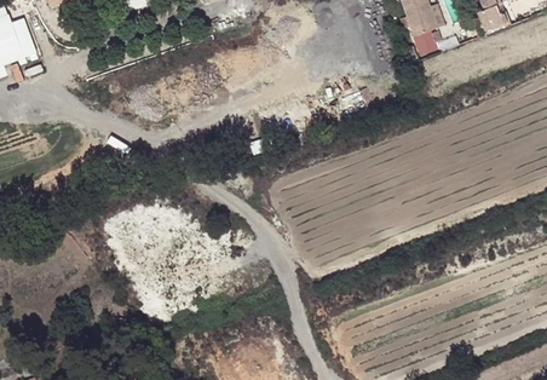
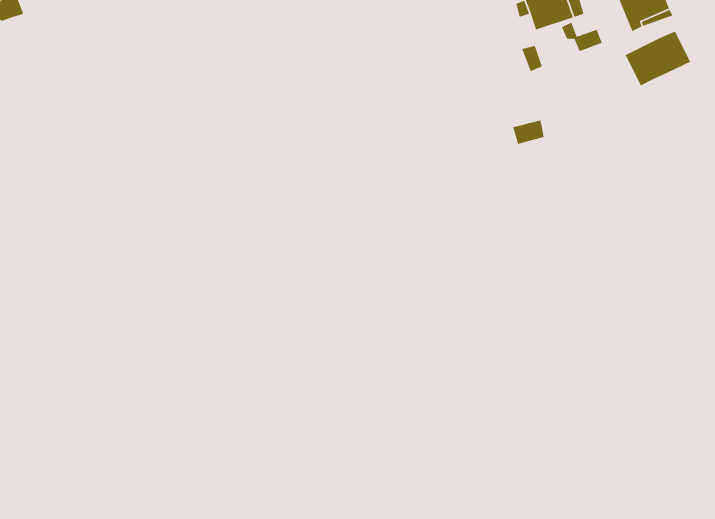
building: none -> [624,30,691,87]

